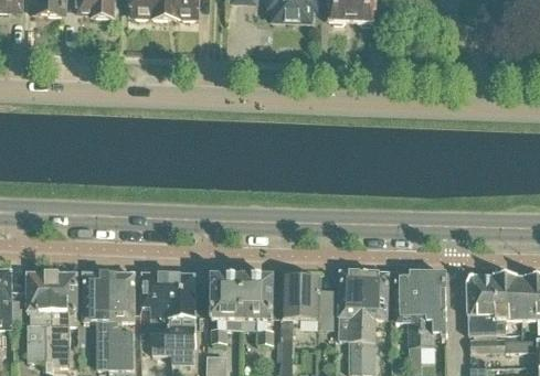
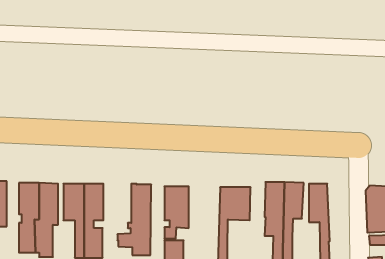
building: [142,272,170,336] -> none
building: [419,272,446,345] -> none
building: [243,276,274,343] -> none

